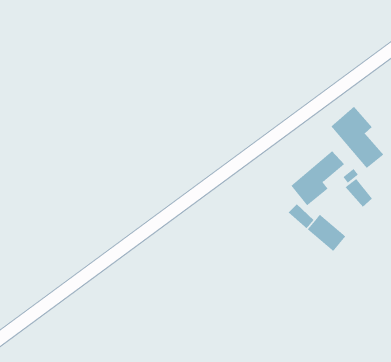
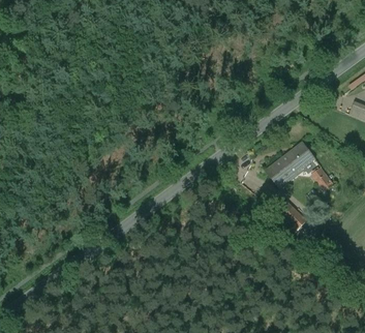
building: [331,106,384,169] -> none

